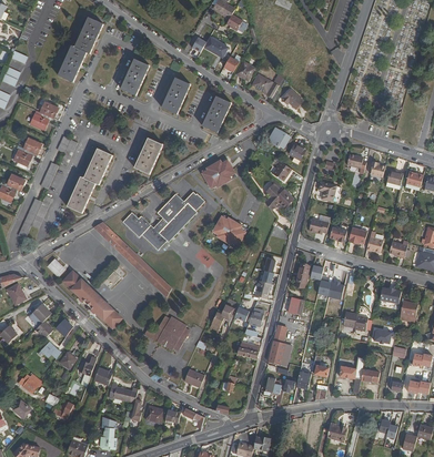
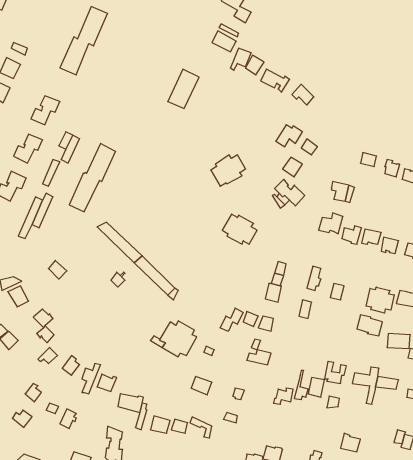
building: [120,58,149,94] -> none
building: [201,94,230,131] -> none
building: [133,136,162,173] -> none
building: [121,190,205,250] -> none
building: [63,271,122,328] -> none
building: none -> [366,287,394,313]
building: [266,324,290,365] -> none

